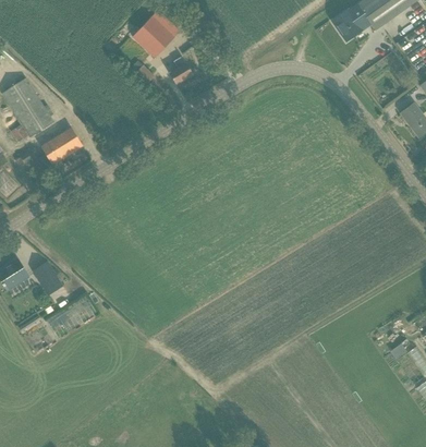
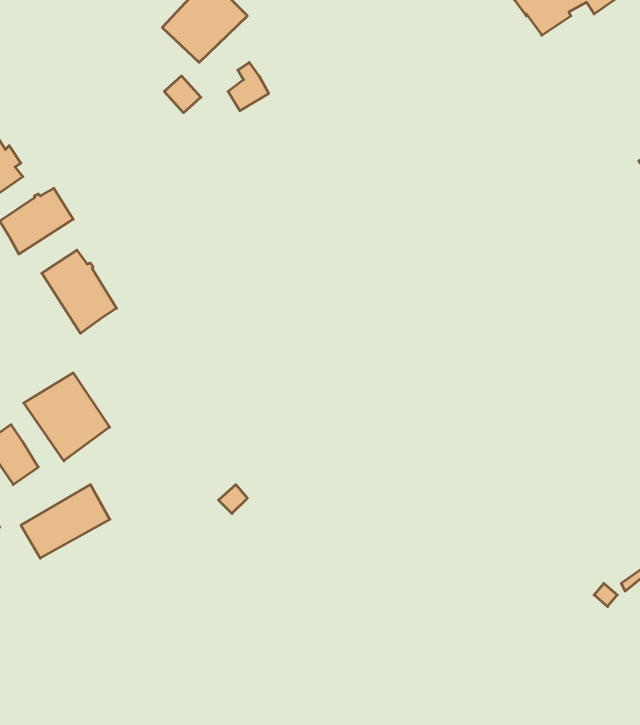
building: none -> [42,250,117,333]
building: none -> [24,373,110,461]

